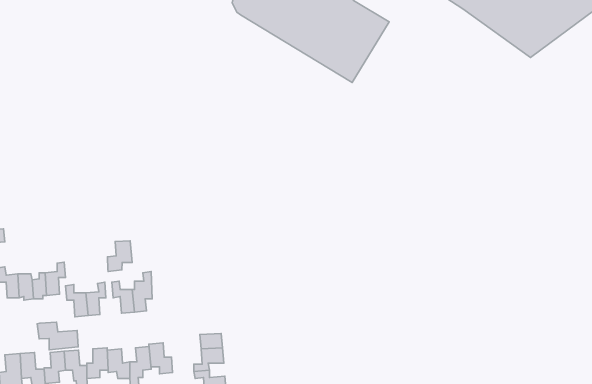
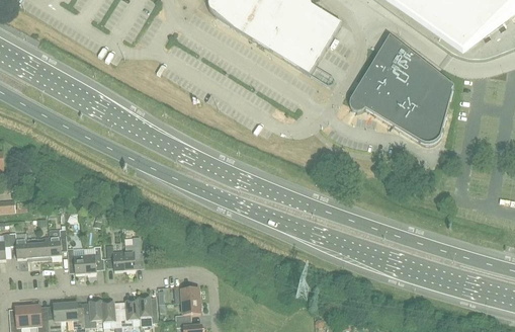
building: none -> [348,33,453,144]
building: [107,241,132,272] -> none
building: [37,322,78,350] -> none

